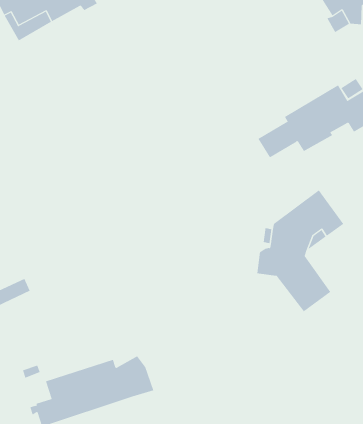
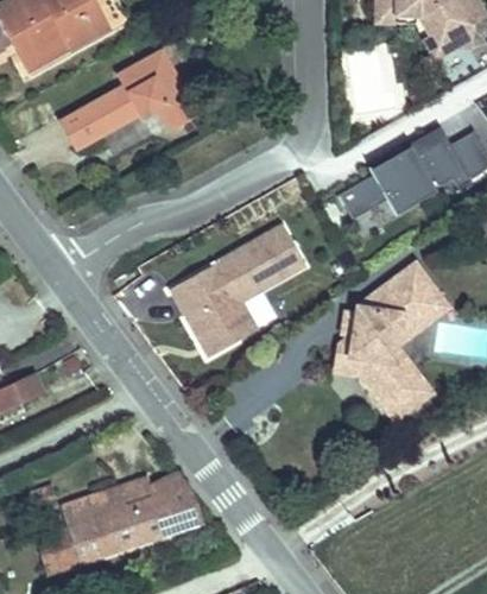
building: none -> [63,50,197,146]
building: none -> [172,222,308,354]

